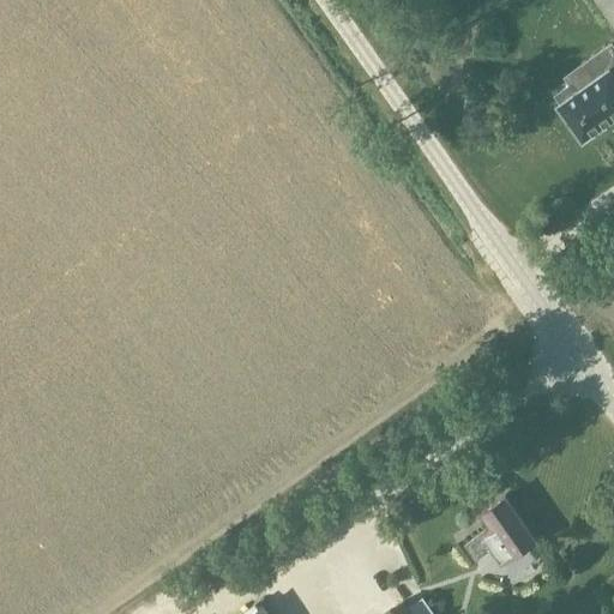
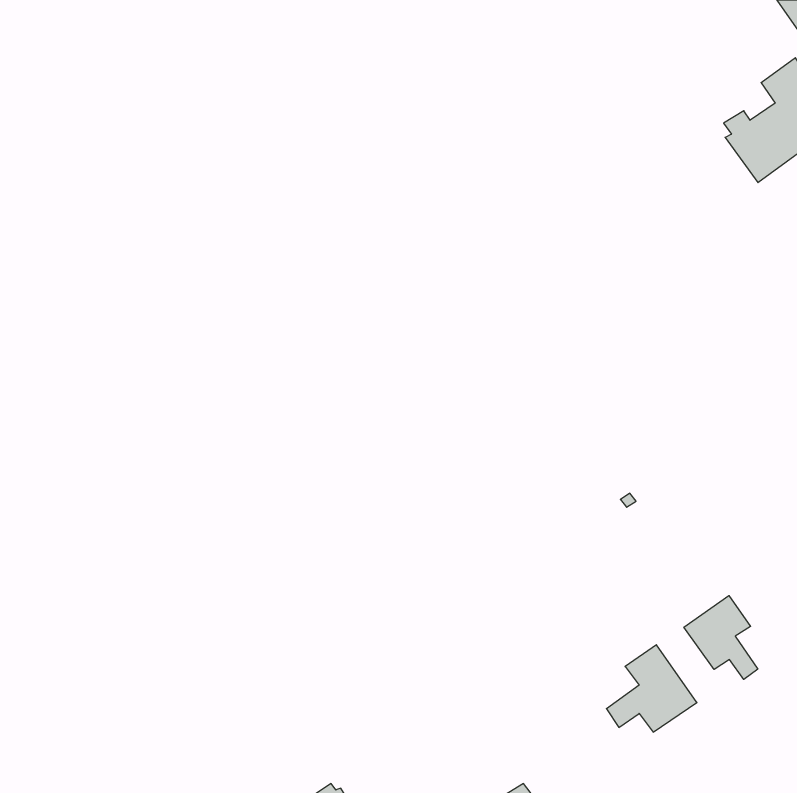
building: none -> [684,596,758,679]

